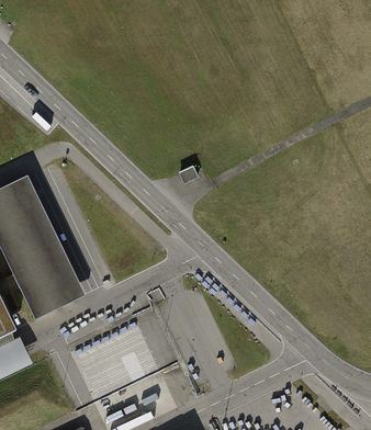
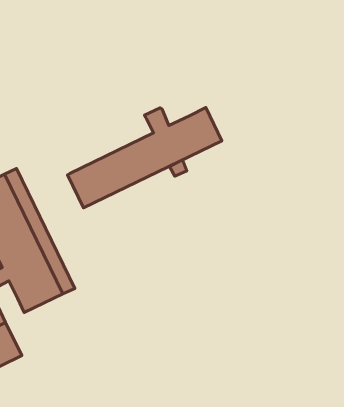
building: none -> [67,108,222,208]

